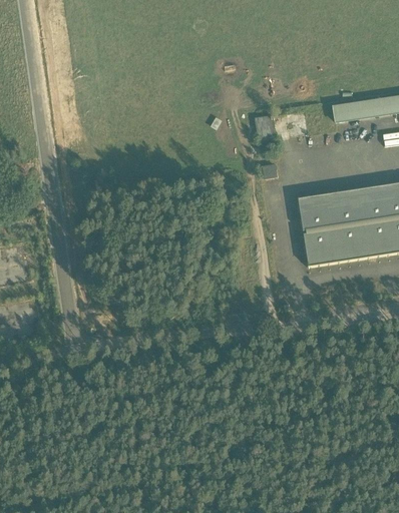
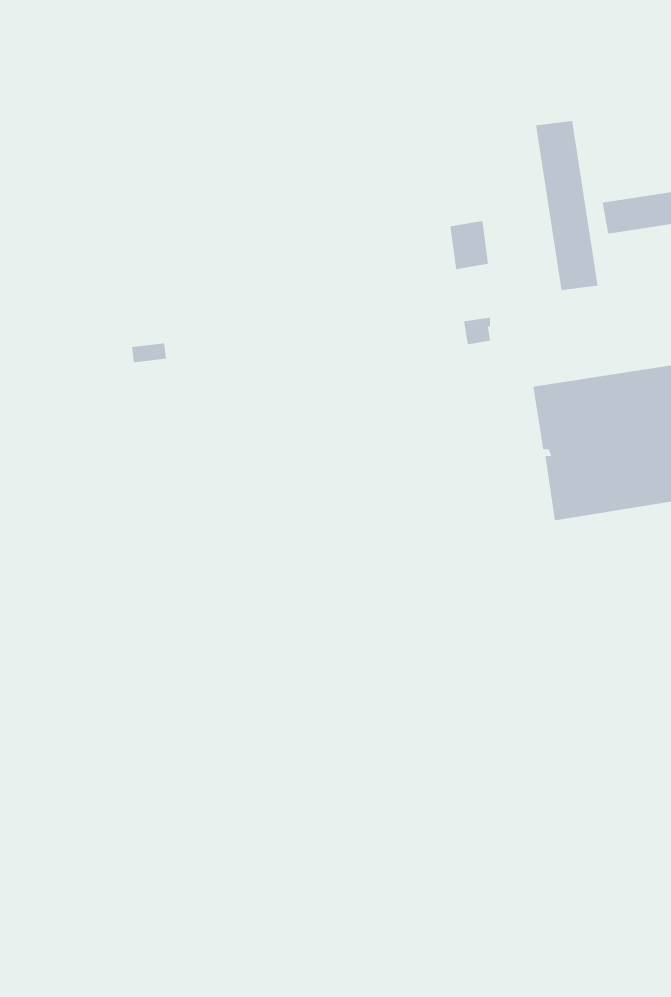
building: none -> [535,120,598,291]

